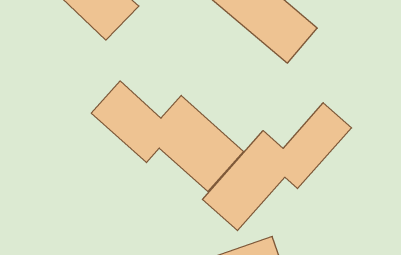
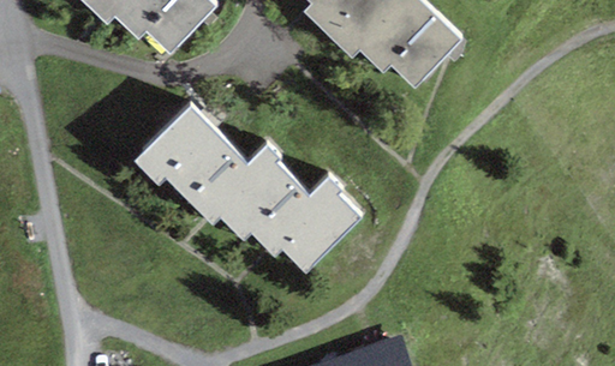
building: [202,103,352,231] -> none

